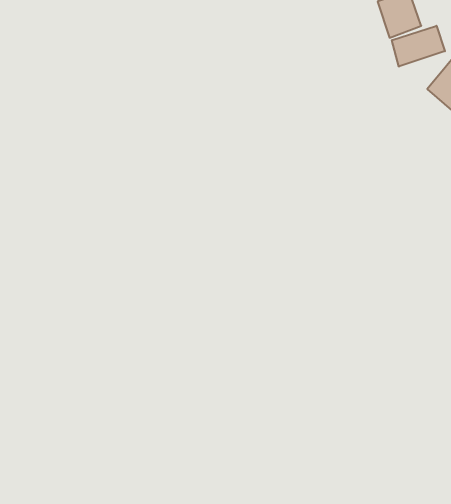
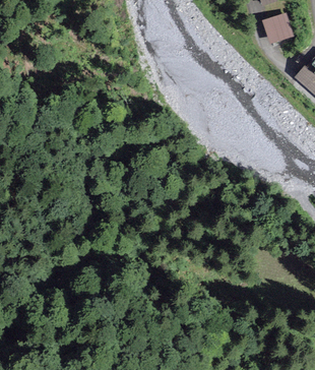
building: [392,26,445,67] -> none

